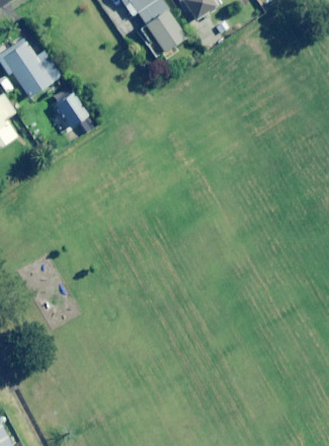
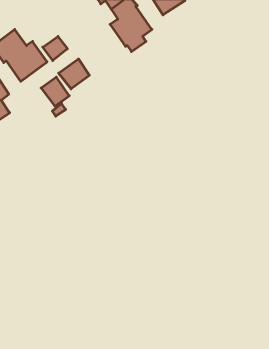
building: none -> [43,36,67,61]
building: none -> [59,59,89,89]

